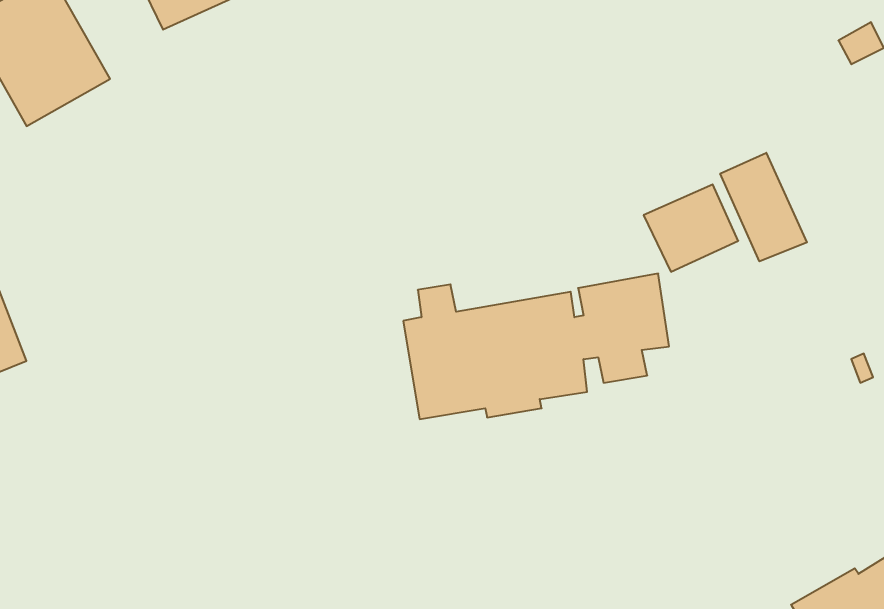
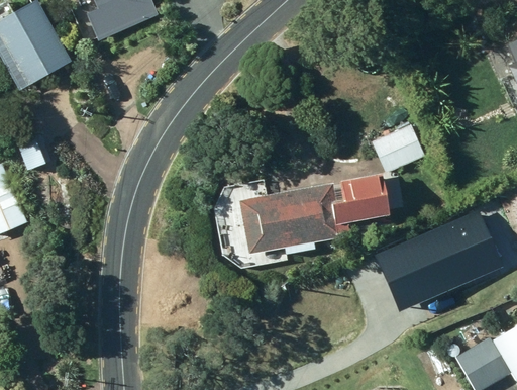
building: [720,153,807,261] -> none
building: none -> [374,218,474,306]

